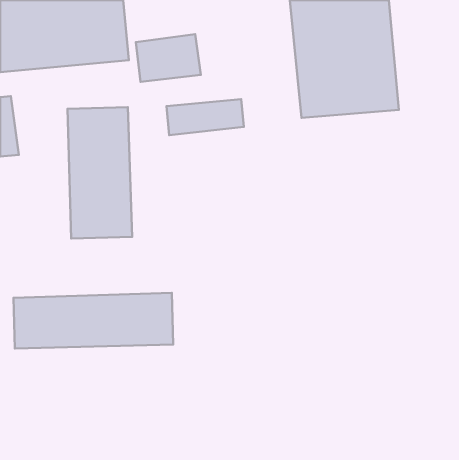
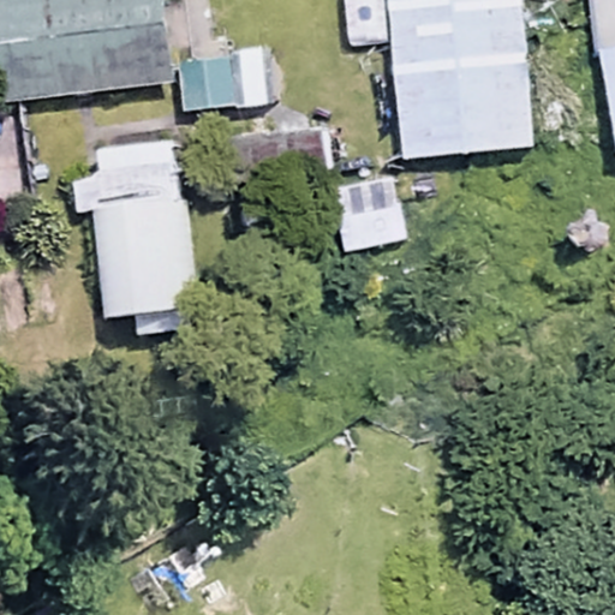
building: [13,293,173,349] -> none

